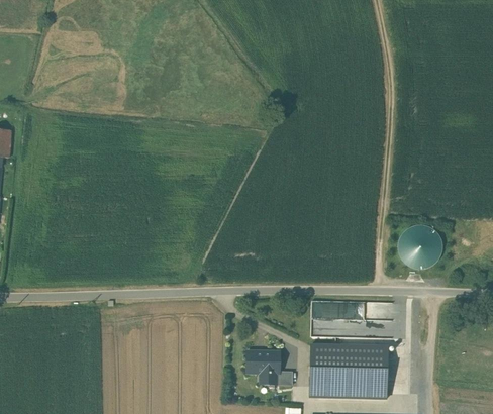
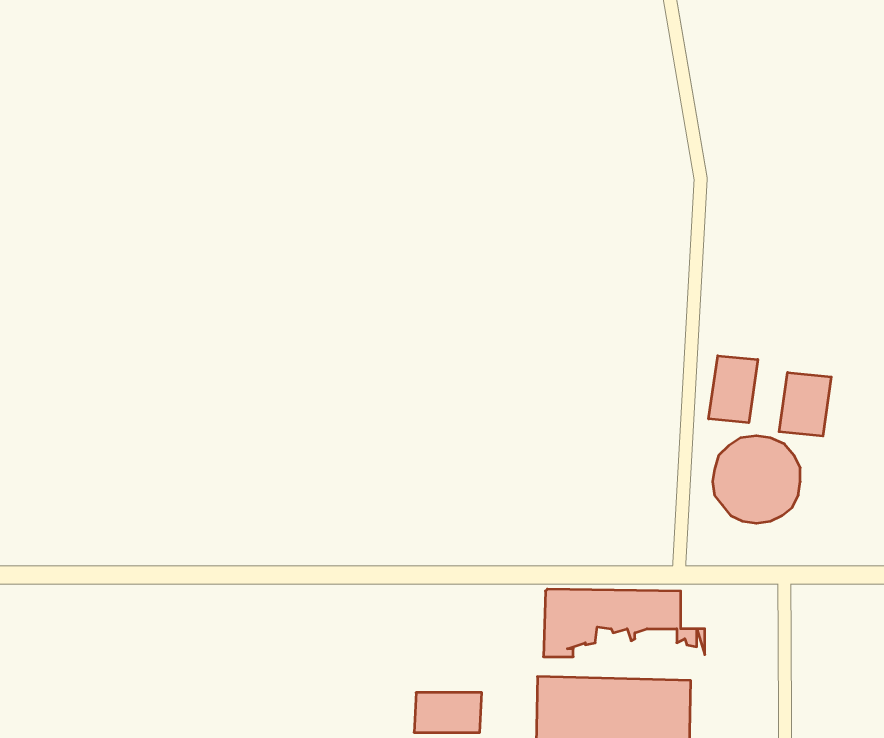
building: none -> [709,356,758,423]
building: none -> [779,372,831,436]

